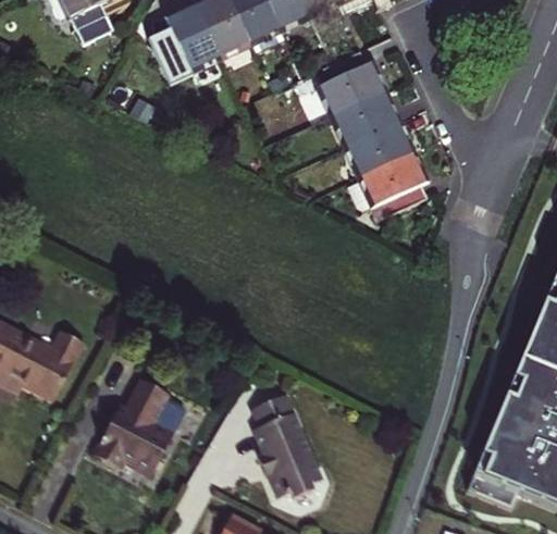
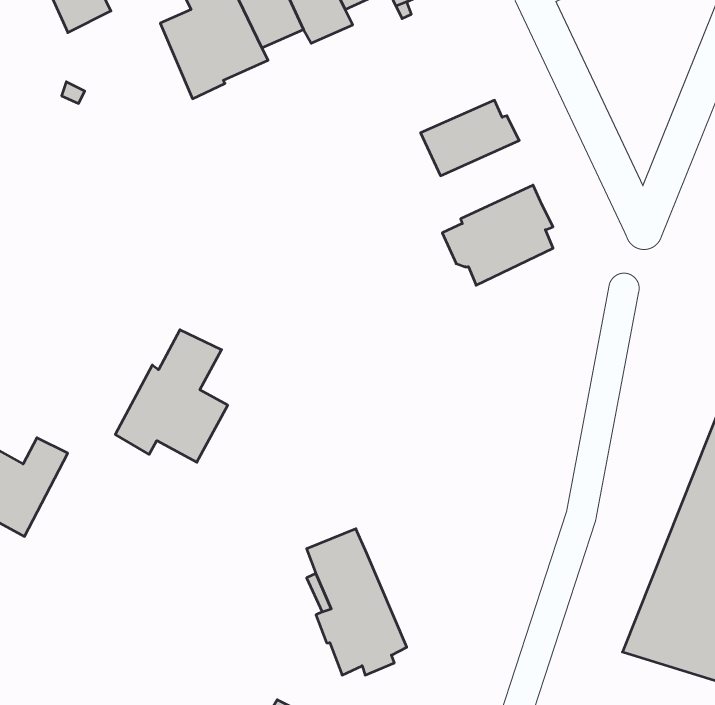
building: [319,51,384,115] -> none
building: [346,121,411,176] -> none
building: [94,380,173,473] -> [115,330,228,462]

